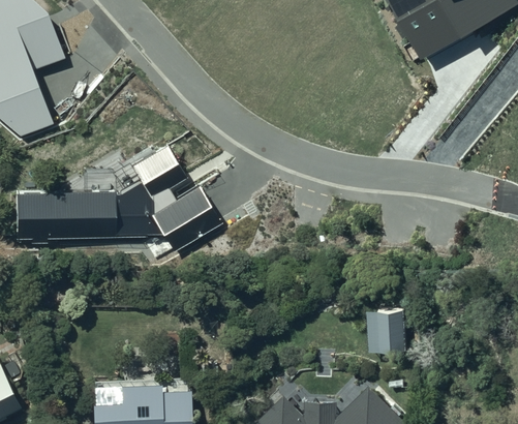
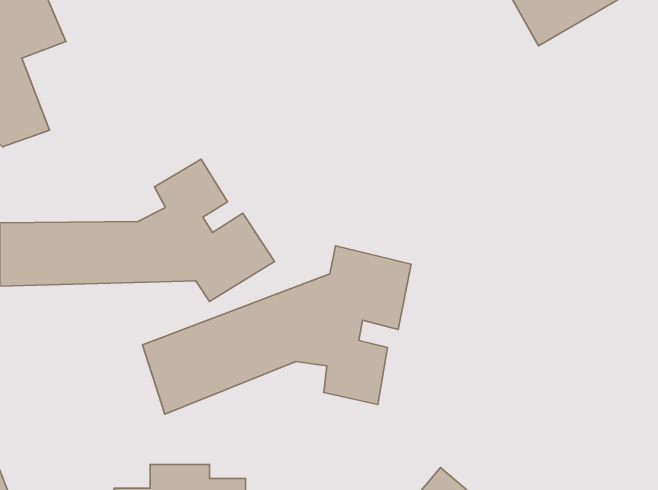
building: none -> [142,246,411,414]
building: [365,306,402,353] -> none

